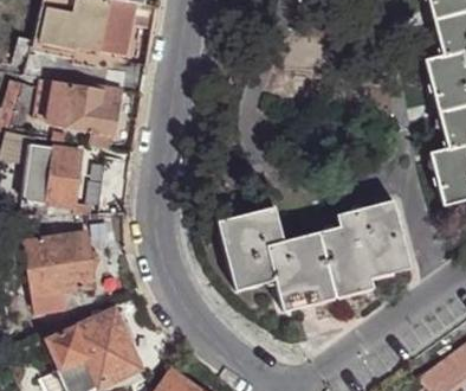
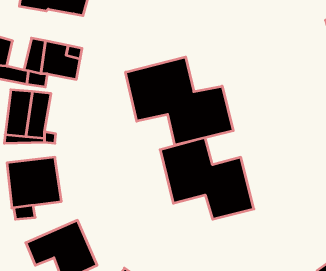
building: none -> [126,57,233,145]
building: [319,199,413,296] -> none

